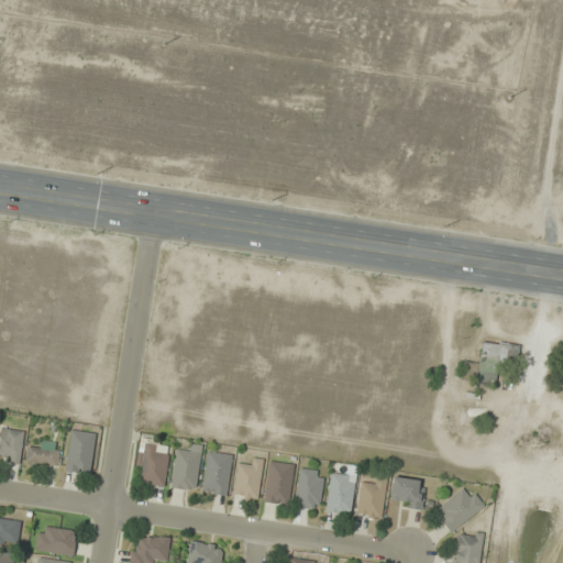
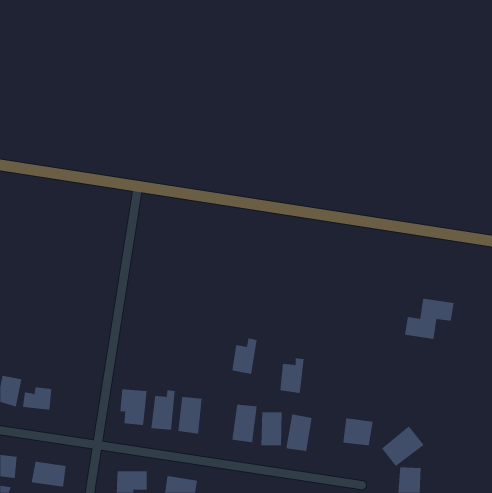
building: [65,430,96,474] -> none
building: [233,457,263,499] -> [232,338,258,374]
building: [357,477,386,518] -> [279,358,304,393]

